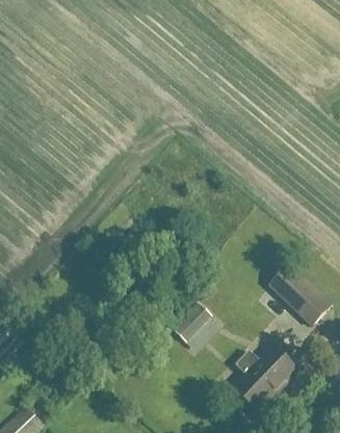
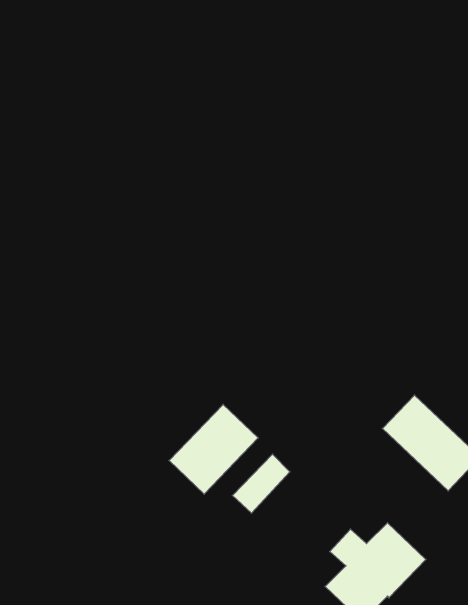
building: none -> [169,404,258,494]

